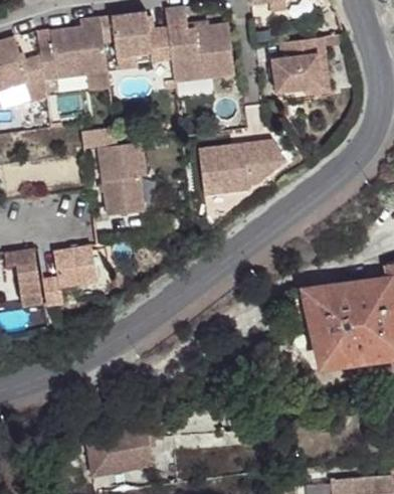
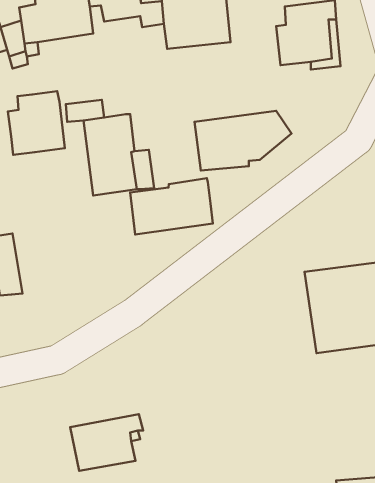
building: none -> [8,91,65,155]
building: none -> [130,178,213,235]
building: [39,245,94,302] -> none

